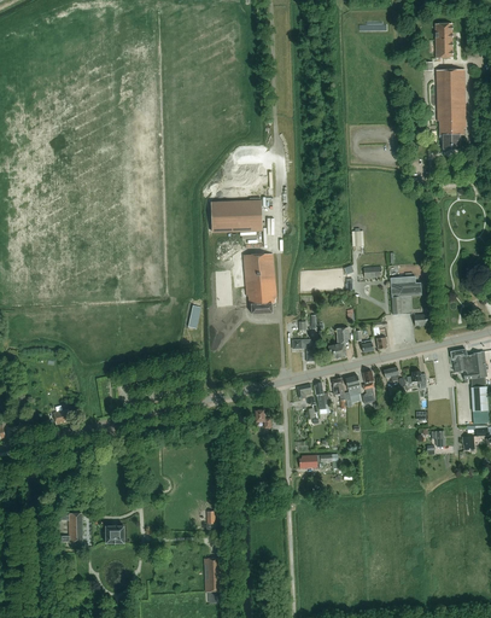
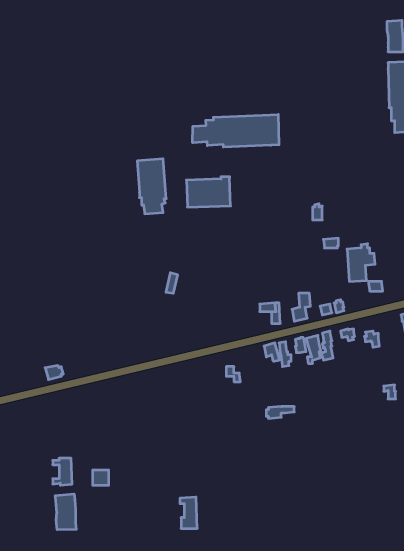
building: none -> [193,114,279,147]
building: [242,252,275,314] -> [137,159,166,214]
building: none -> [55,494,76,530]

